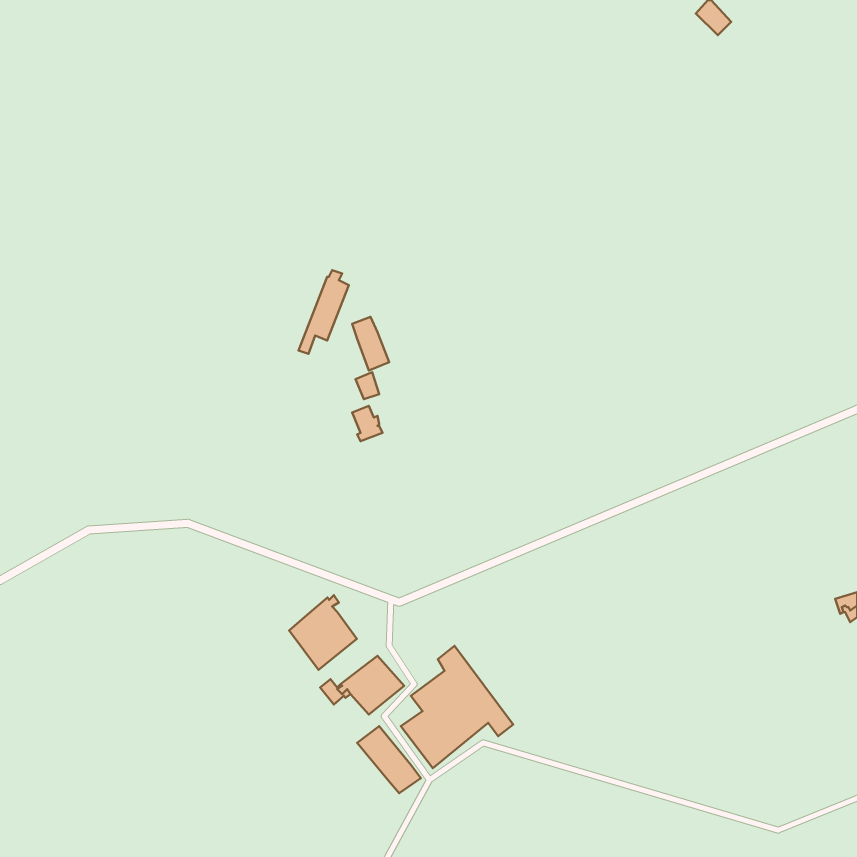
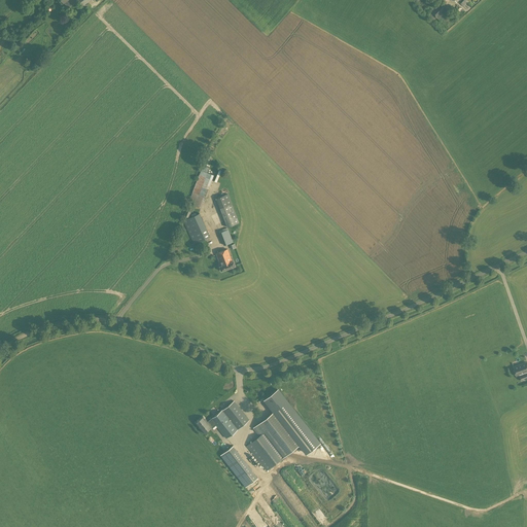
building: none -> [183,213,210,244]
building: [289,595,357,670] -> none

